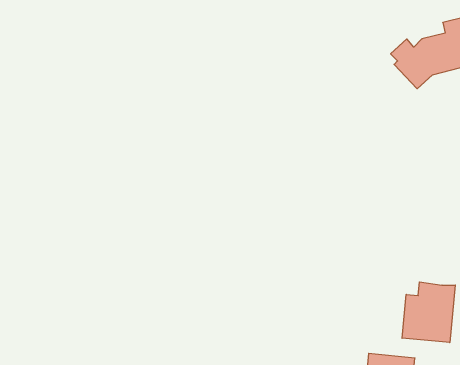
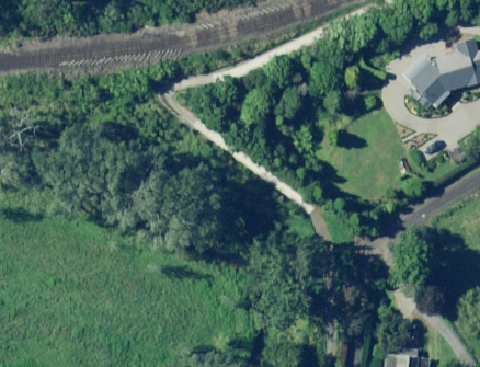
building: [402,282,455,343] -> none

